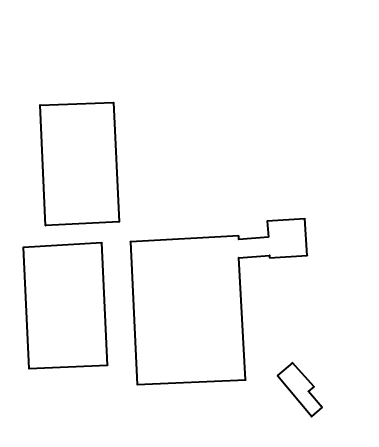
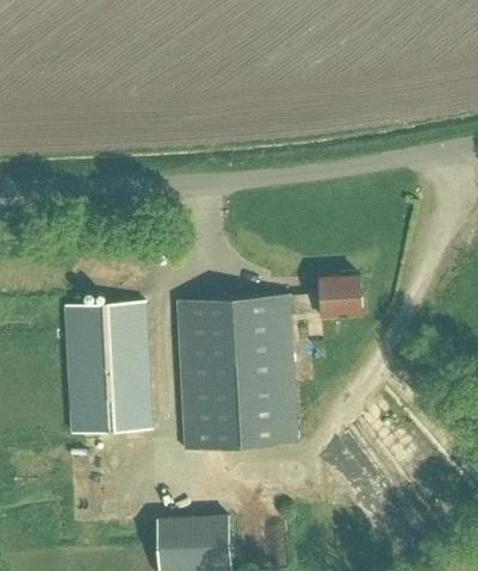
building: [40,103,119,226] -> none

